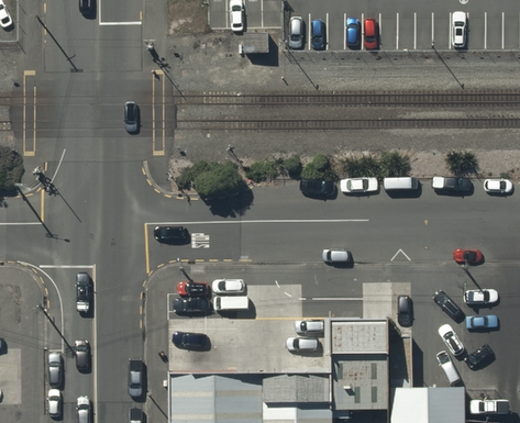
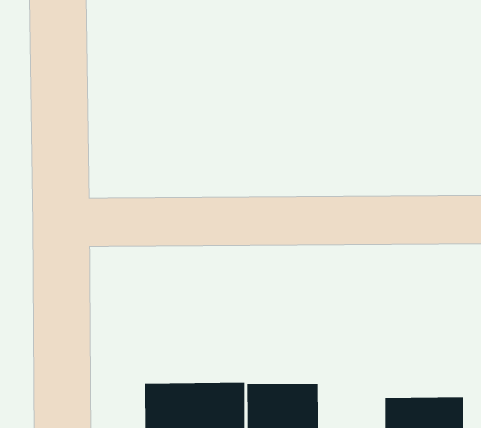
building: [334,322,387,407] -> none

